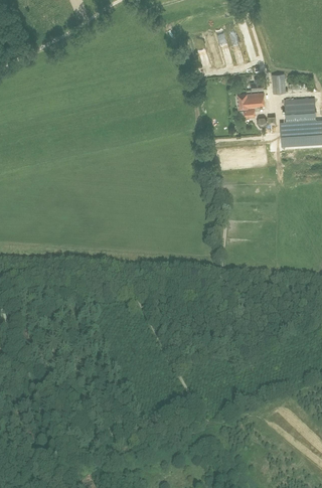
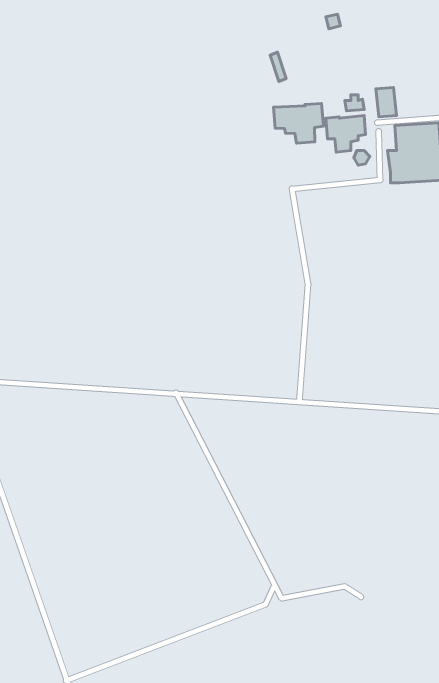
building: none -> [274,104,324,143]

